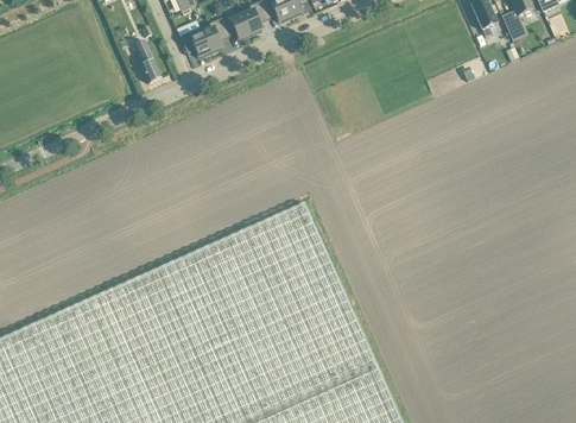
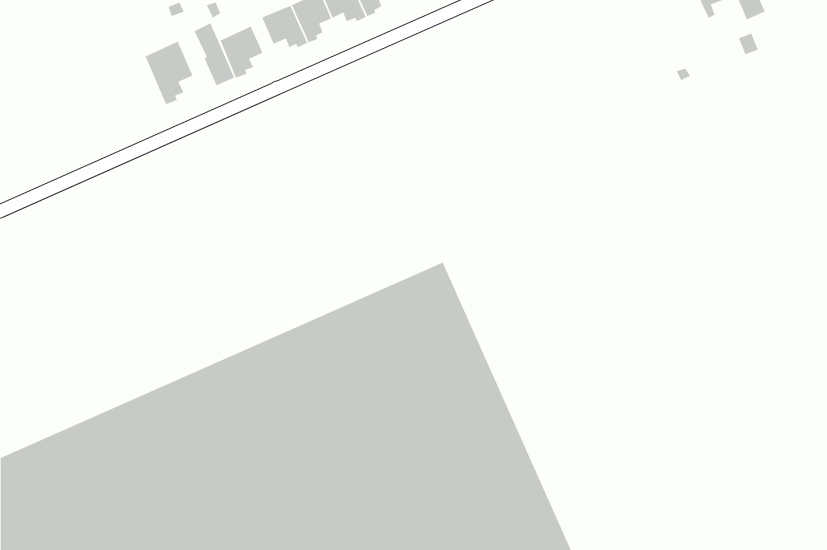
building: none -> [219,26,263,79]
building: none -> [145,41,193,105]

